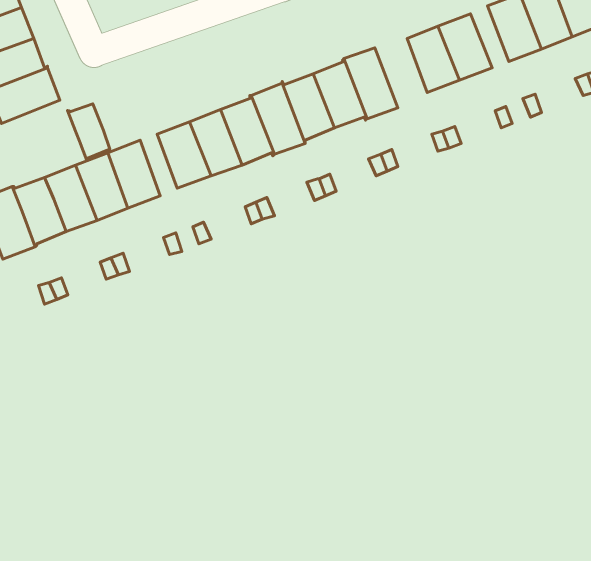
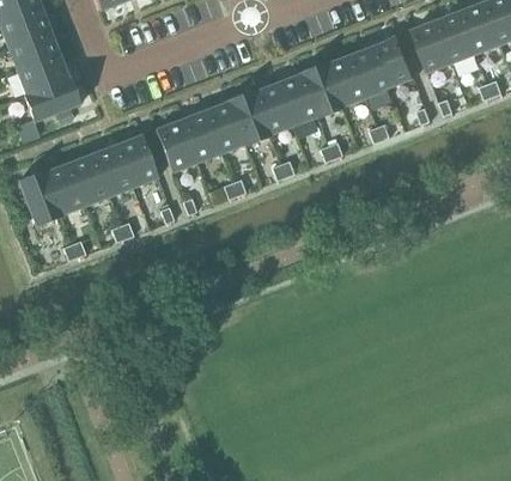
building: none -> [324,55,365,109]
building: [67,104,110,161] -> none

